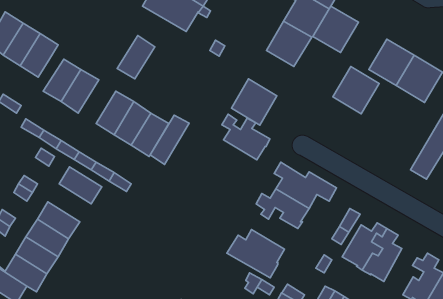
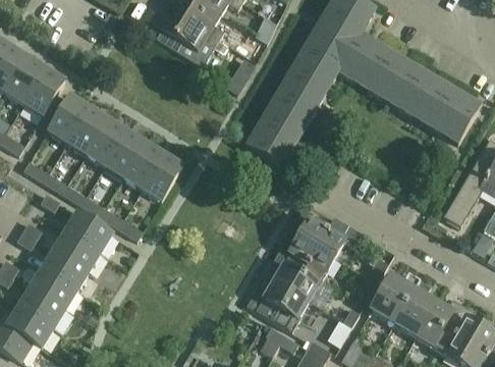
building: [117,35,155,79] -> [86,118,126,165]
building: none -> [269,87,318,136]
building: [333,67,379,114] -> [368,56,418,107]
building: [222,114,270,160] -> [270,252,322,301]
building: [150,115,189,165] -> none
building: none -> [53,230,100,271]
building: none -> [415,299,461,350]

